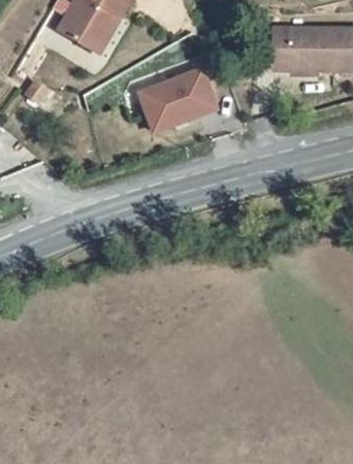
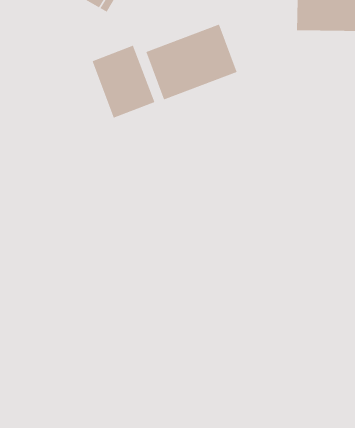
building: none -> [92,45,155,118]

